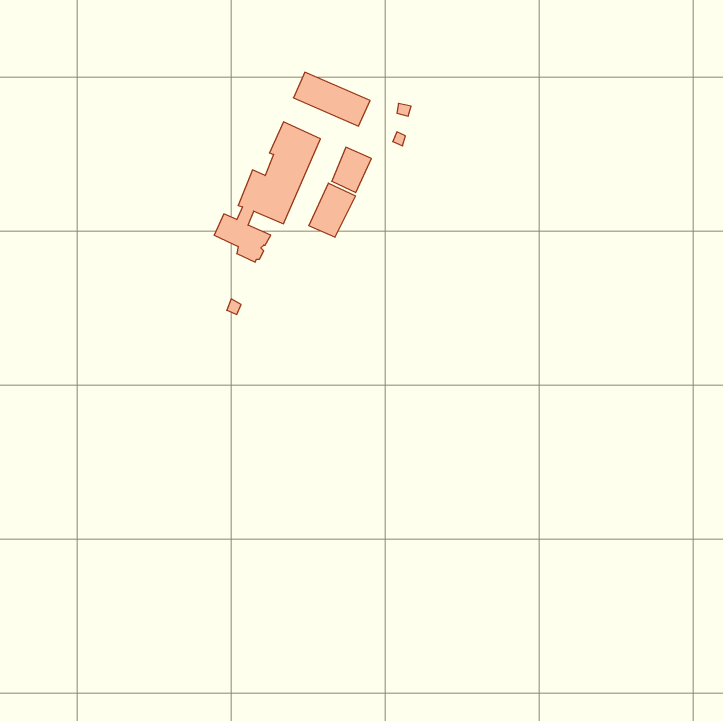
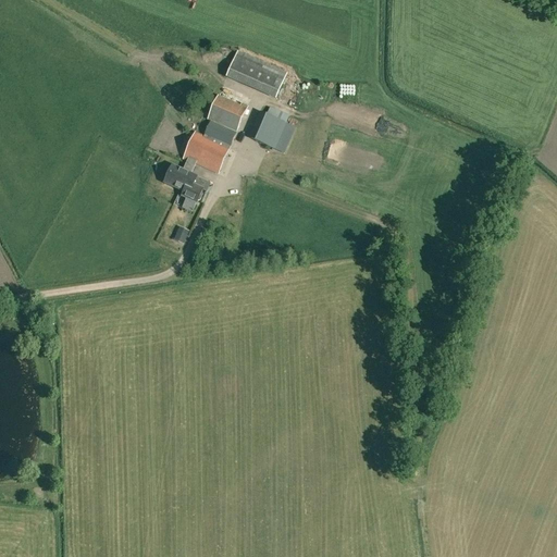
building: [309,183,355,237] -> none

